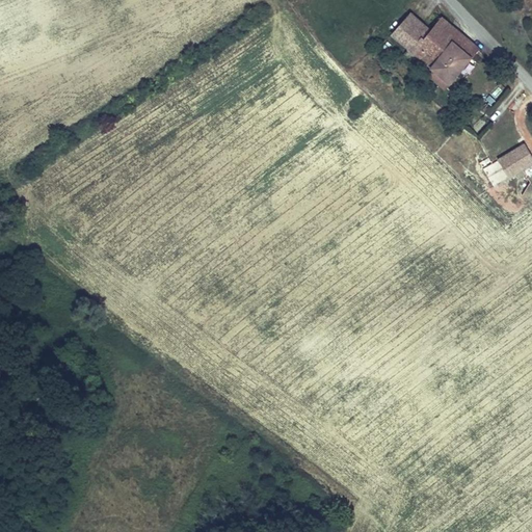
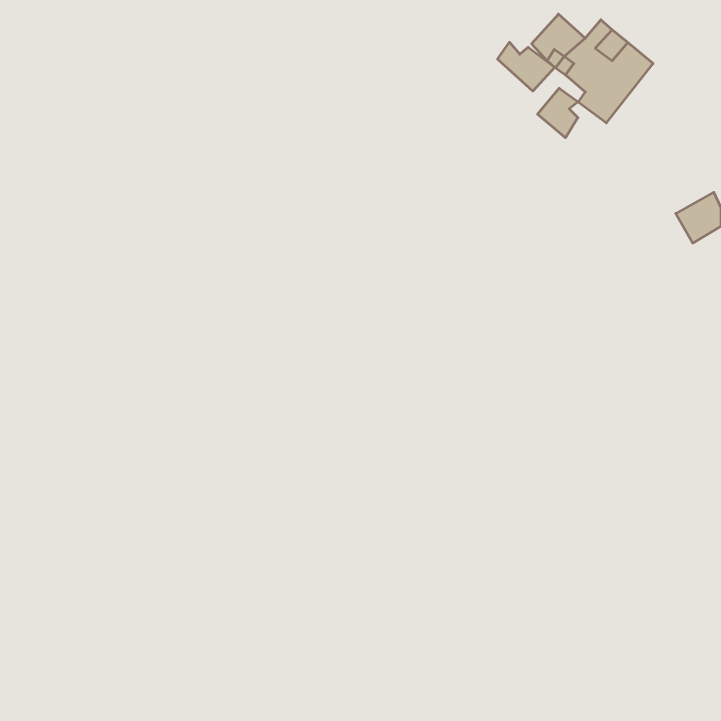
building: none -> [498,42,555,91]
building: none -> [538,88,578,138]

